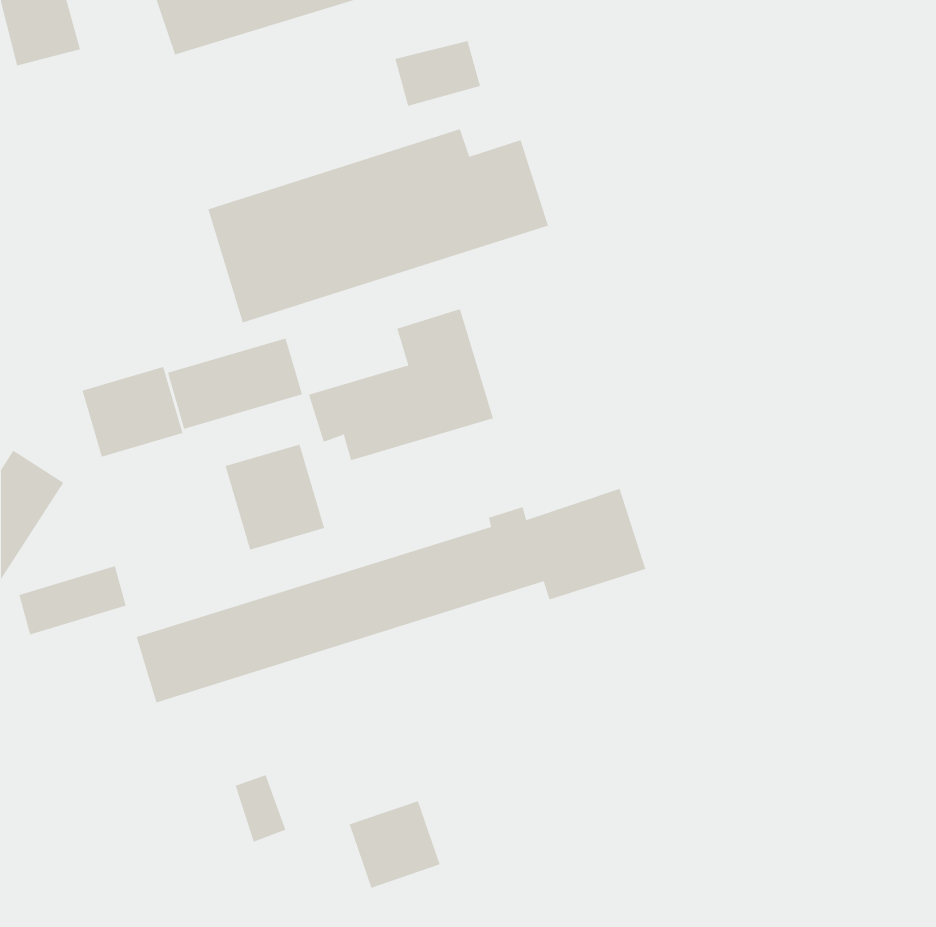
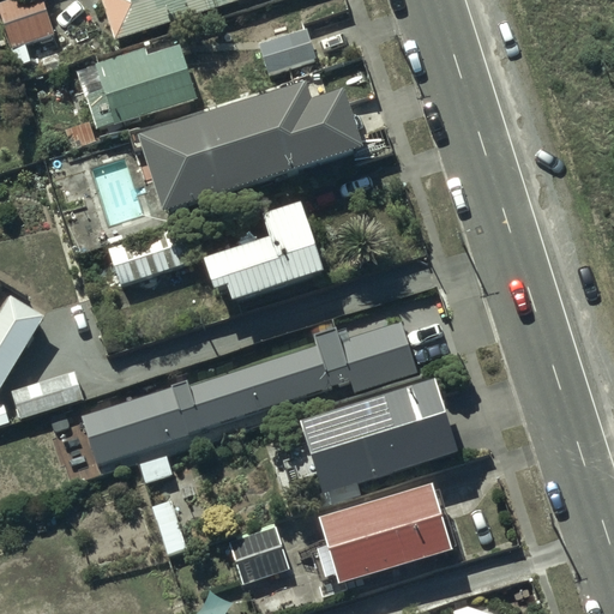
building: none -> [78,44,195,126]
building: [82,366,183,457] -> none
building: [225,444,325,550] -> none
building: none -> [299,379,456,494]
building: none -> [317,486,450,583]

